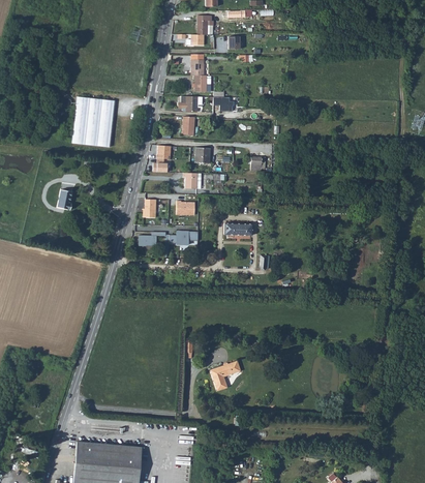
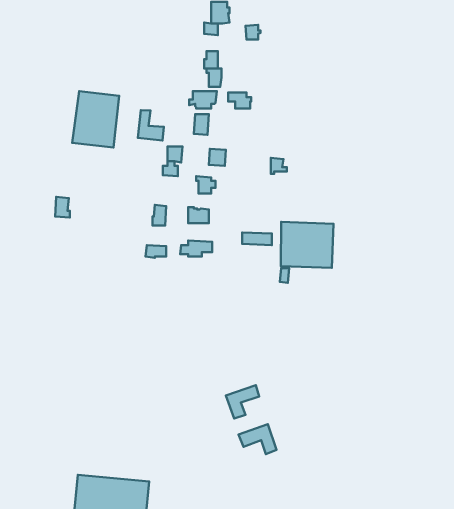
building: none -> [138,110,164,141]
building: none -> [281,222,334,268]
building: none -> [239,424,277,454]

